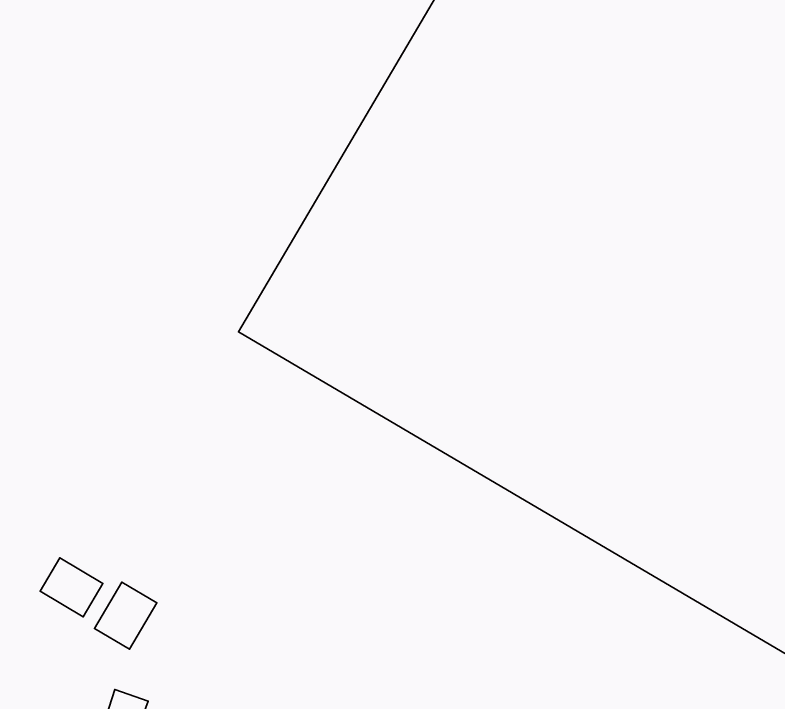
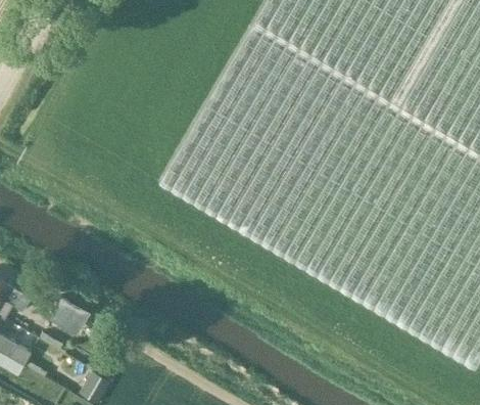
building: [95,582,157,649] -> none

